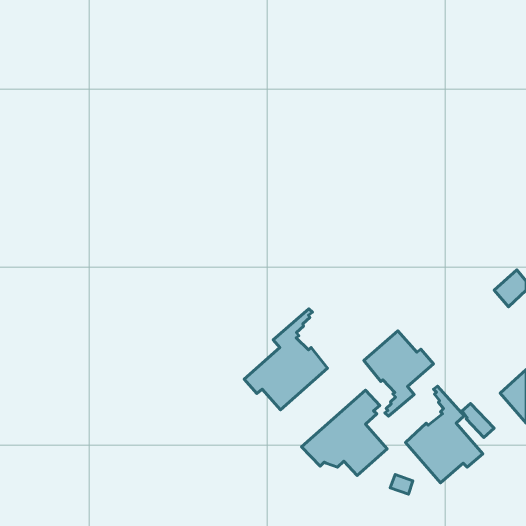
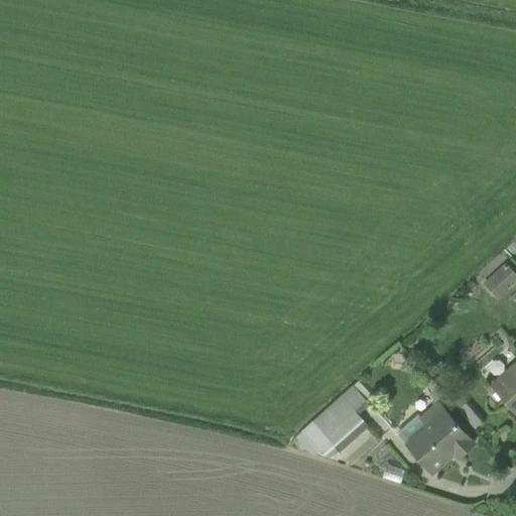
building: [244,309,327,410] -> none
building: [364,331,433,416] -> none

